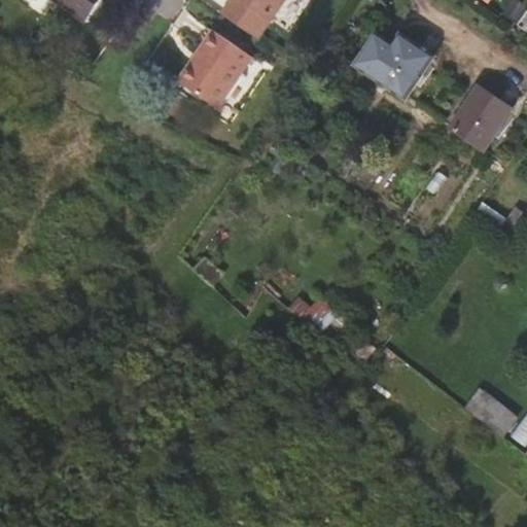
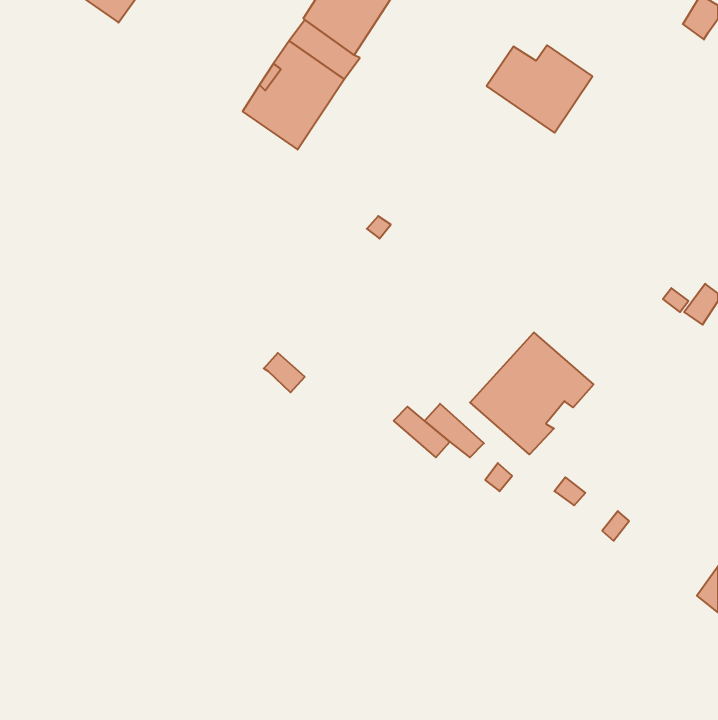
building: [450,85,511,149] -> none
building: none -> [470,332,593,454]
building: [465,388,518,436] -> none

